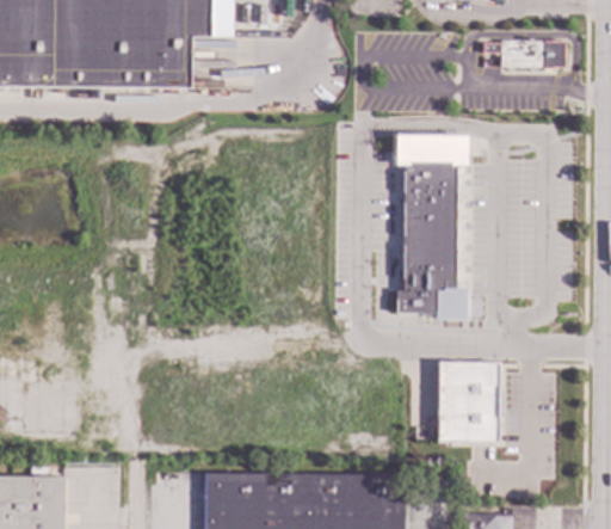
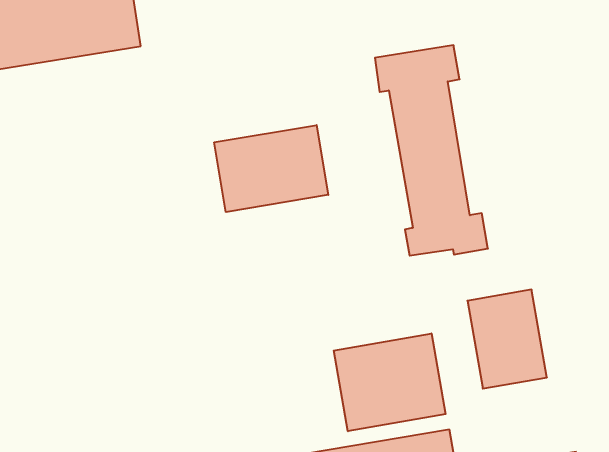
building: none -> [214,125,328,212]
building: none -> [334,333,446,431]

